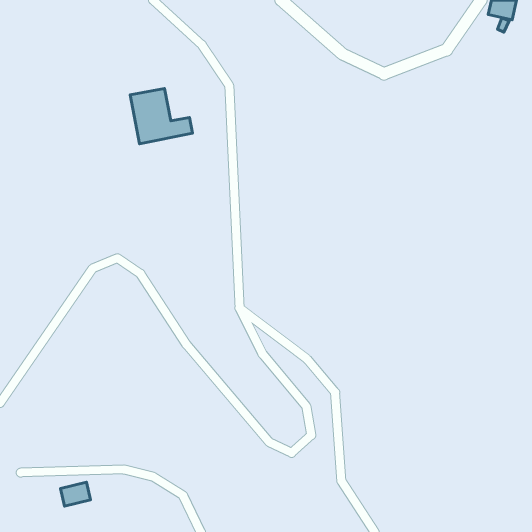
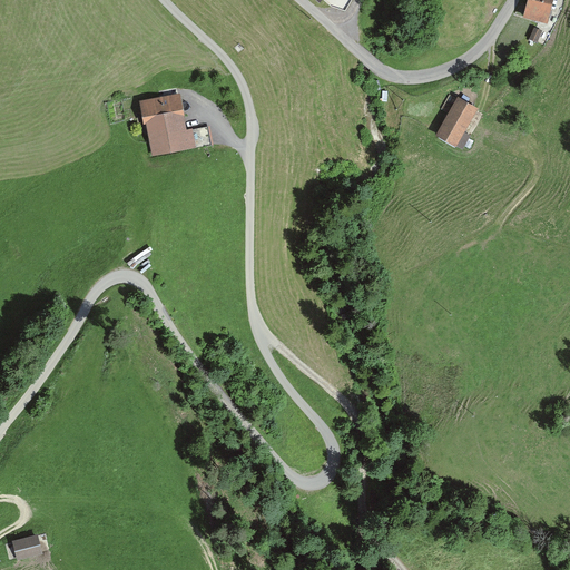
building: none -> [435,96,479,146]
building: [60,482,91,506] -> [11,533,43,559]

